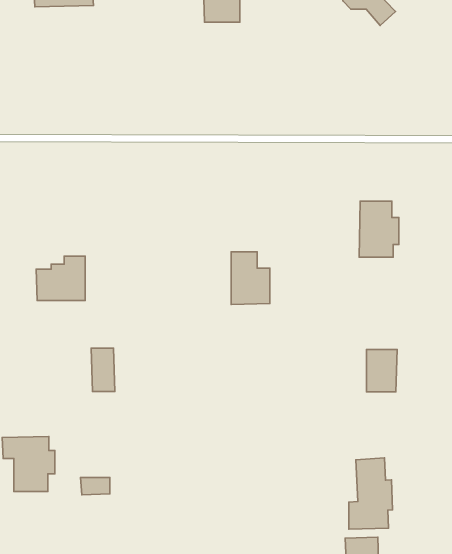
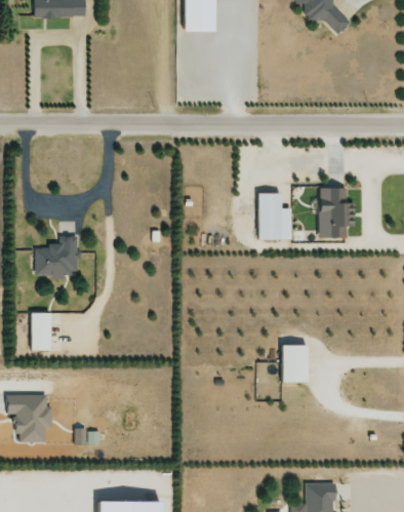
building: [231,252,270,305] -> [258,193,292,239]
building: [91,348,115,391] -> [31,312,51,350]
building: [367,350,397,392] -> [281,345,308,382]
building: [349,458,393,529] -> none

